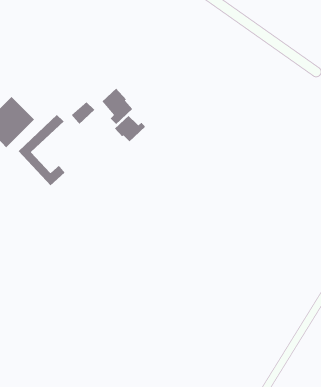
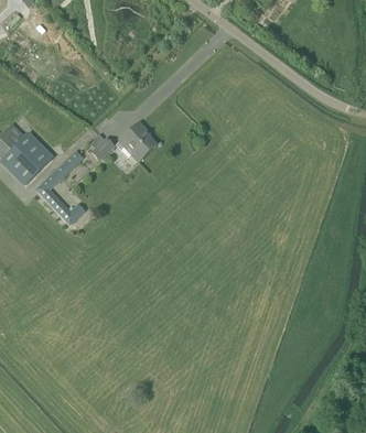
building: [114,115,146,142] -> none

